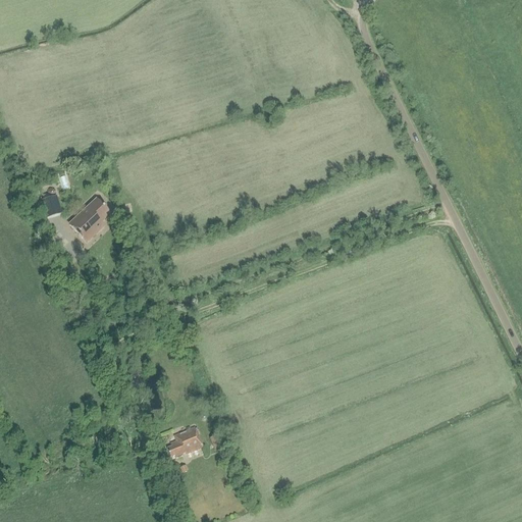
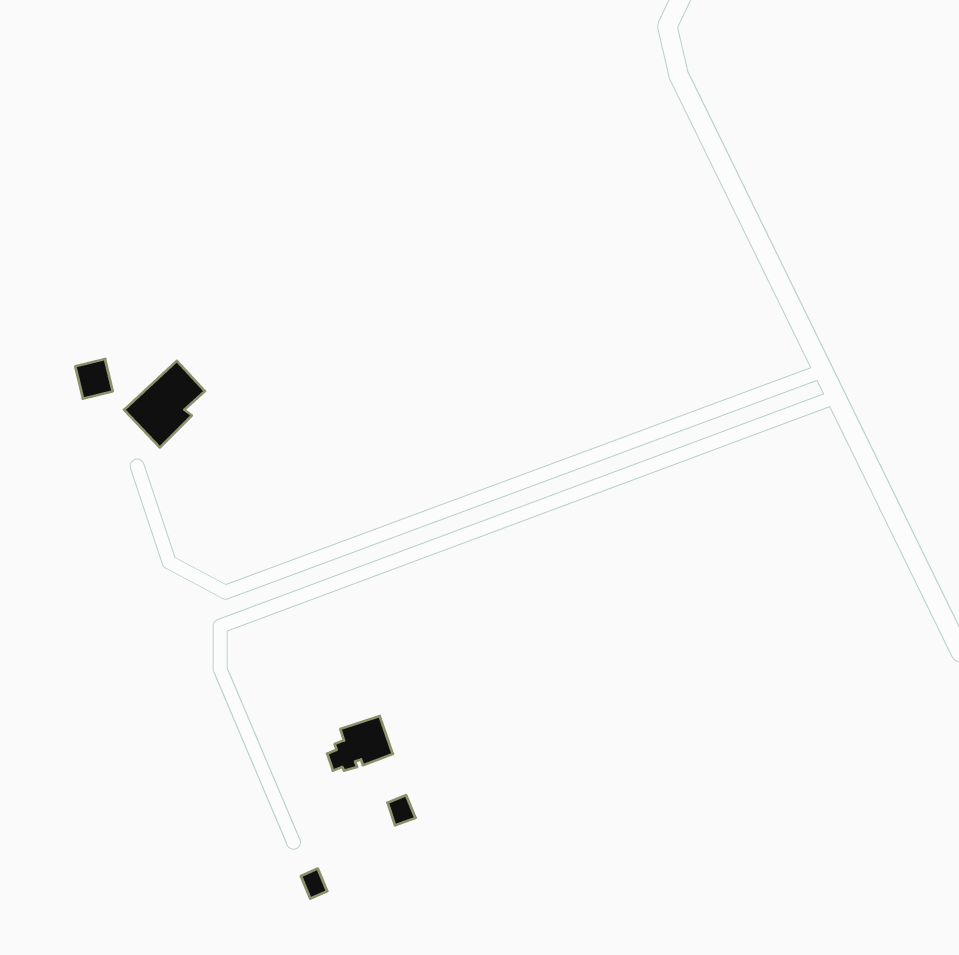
building: [167,426,203,456] -> [327,716,393,771]

